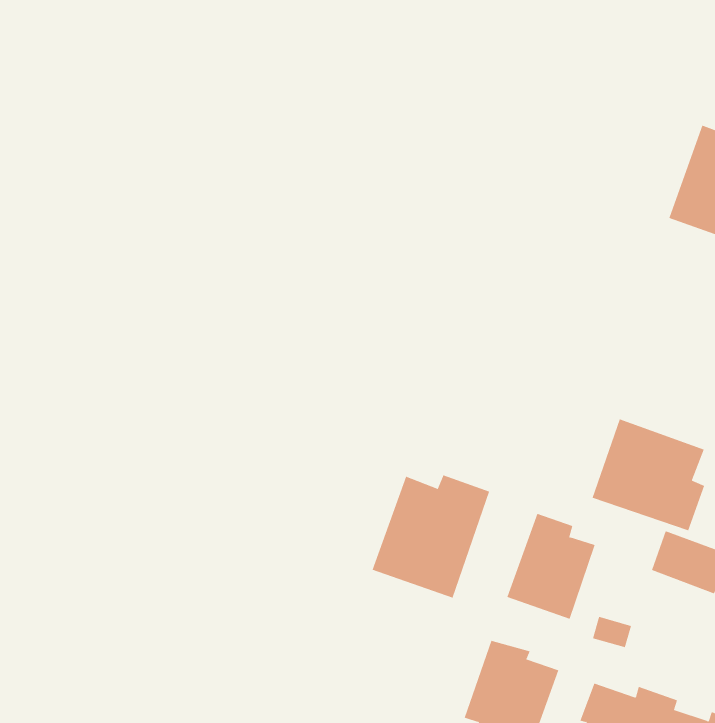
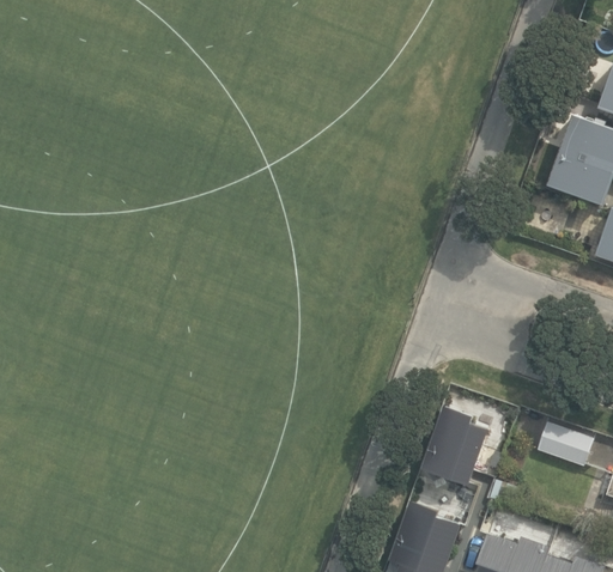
building: [592,419,705,531] -> none
building: [372,475,490,599] -> none

